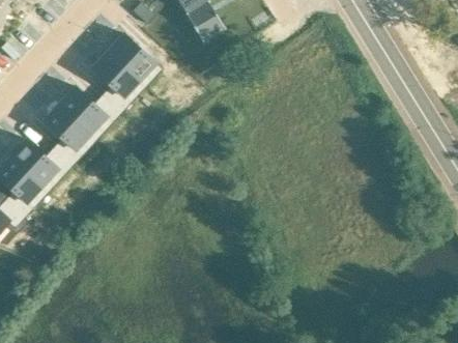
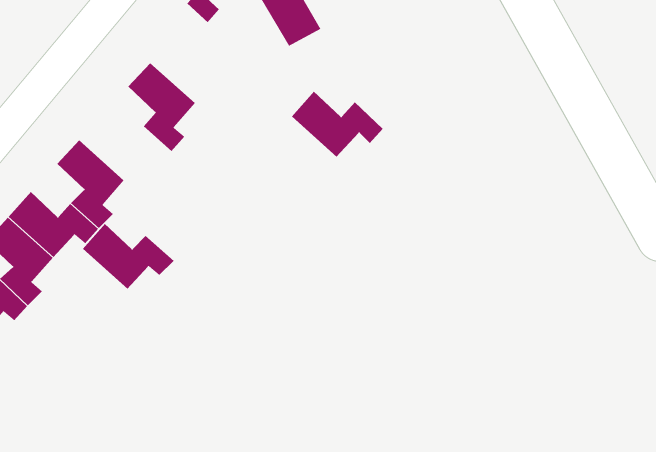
building: [108,33,171,79] -> [291,91,384,158]
building: [59,86,122,132] -> [82,223,174,290]

